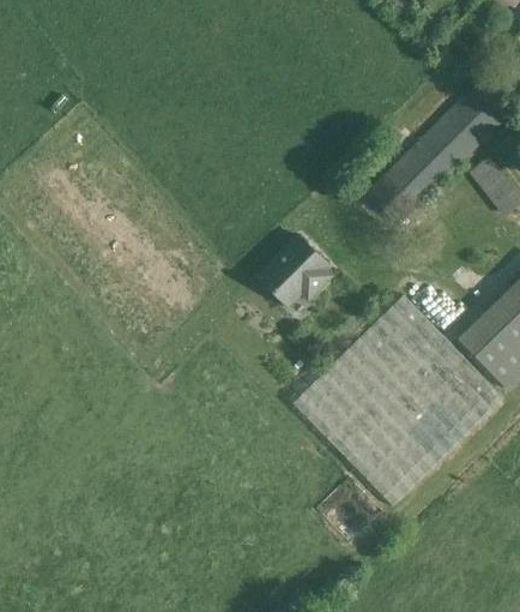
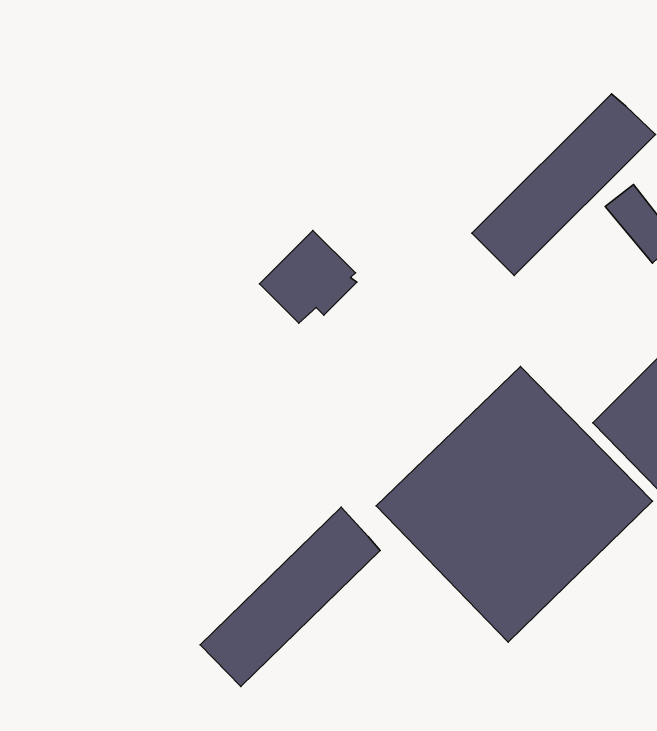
building: [255,234,329,305] -> [260,231,357,323]
building: none -> [200,507,380,687]

